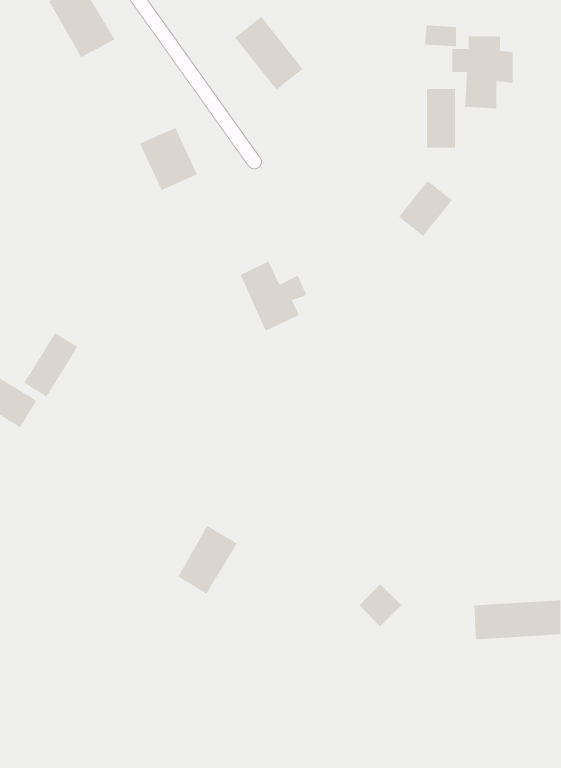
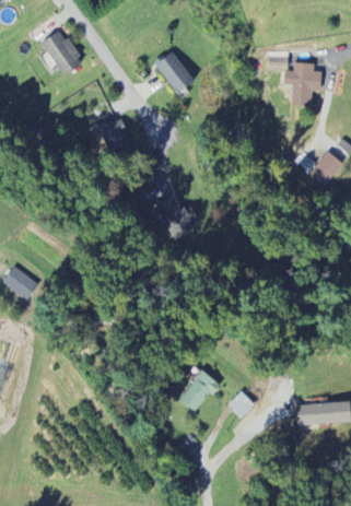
building: [427,88,456,148] -> none
building: [398,180,453,237] -> [309,151,342,185]
building: [23,332,78,397] -> none
building: [178,525,238,595] -> [180,369,217,411]

